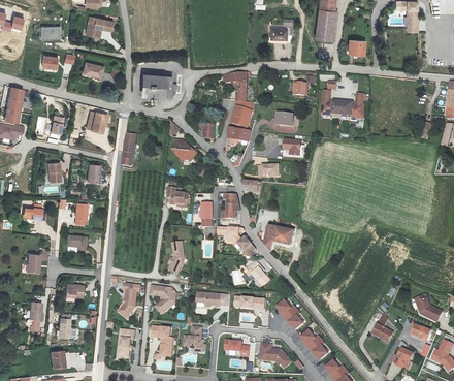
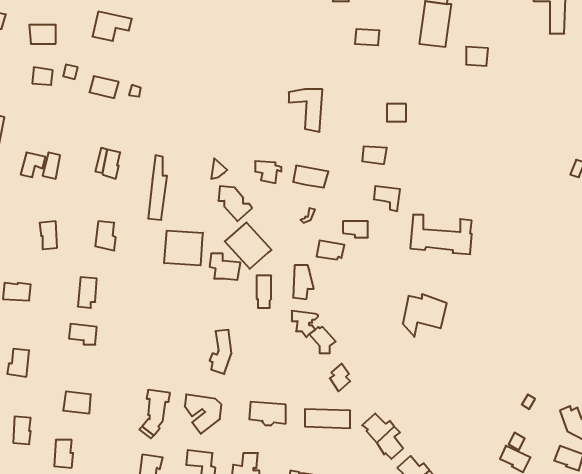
building: [141,71,173,94] -> none
building: [320,89,363,117] -> [410,215,472,254]
building: [230,99,253,125] -> none
building: none -> [225,222,272,269]
building: none -> [164,231,203,265]
building: [263,225,294,255] -> [403,294,447,337]

